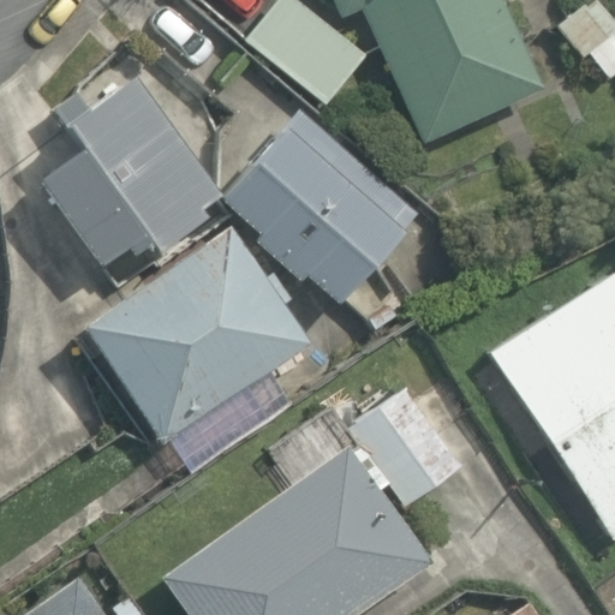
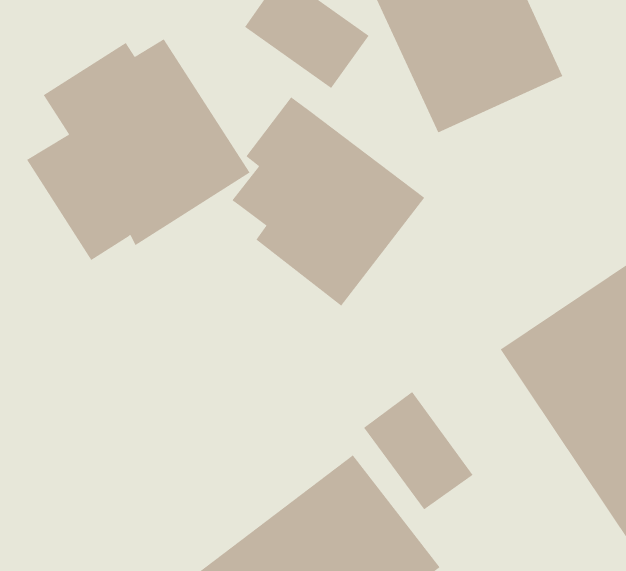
building: [88,226,301,440] -> none

